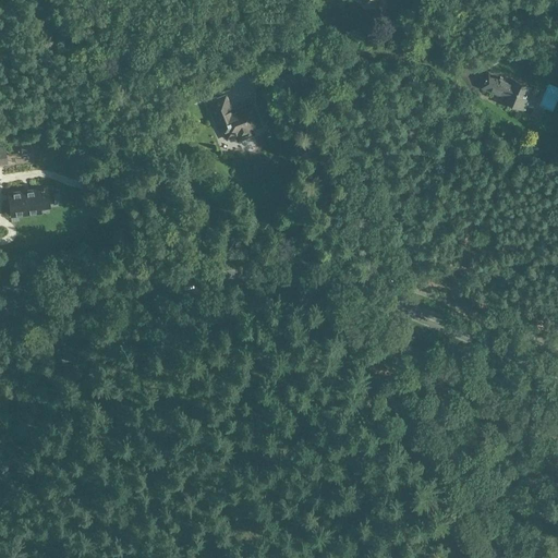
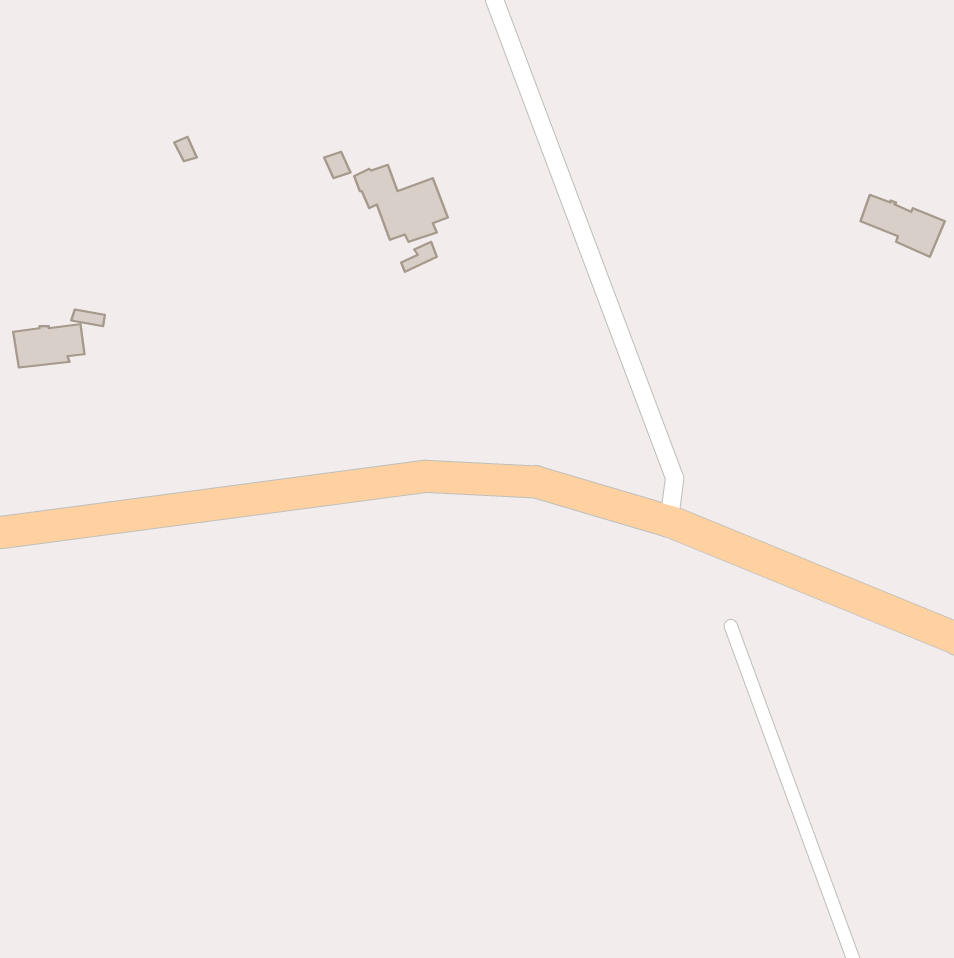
building: [485,73,534,109] -> [860,195,945,257]

